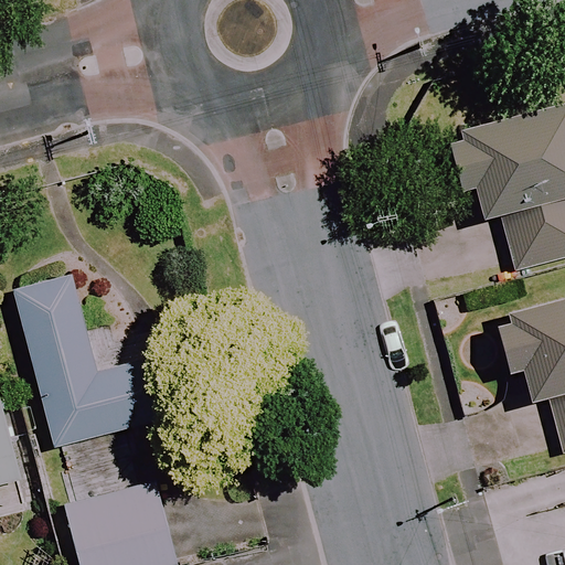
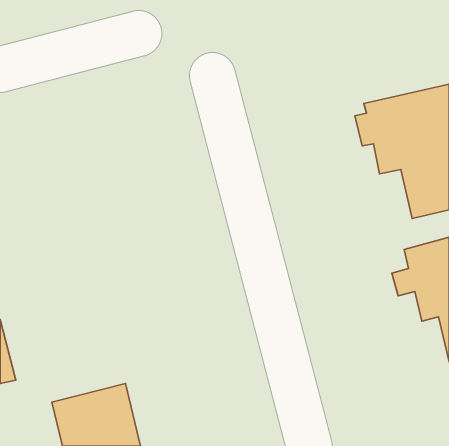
building: [17,280,172,450] -> none

